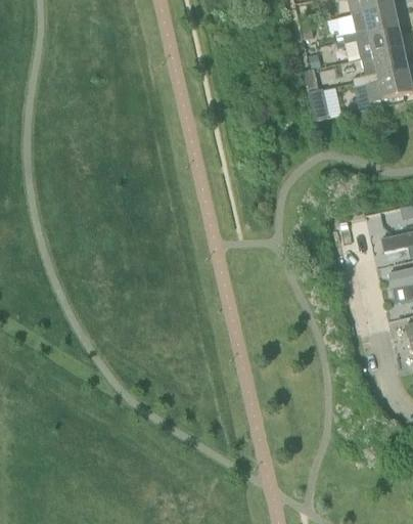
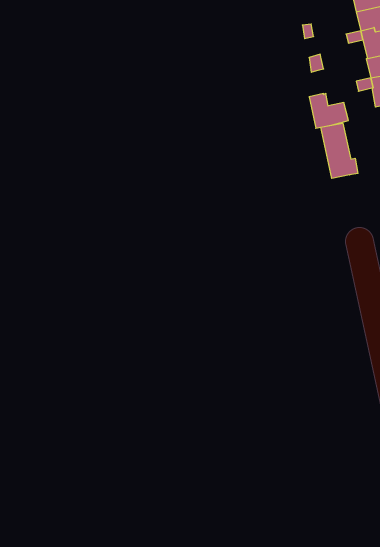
building: none -> [321,123,358,178]

